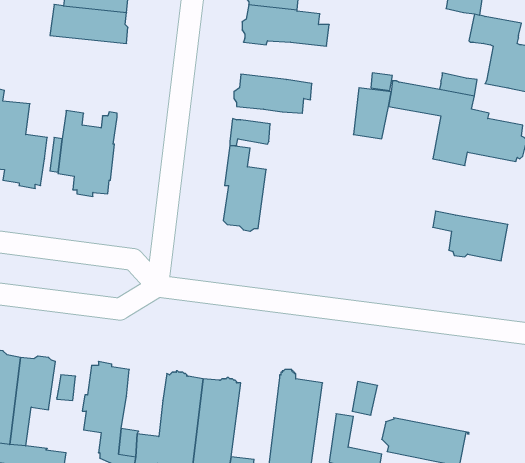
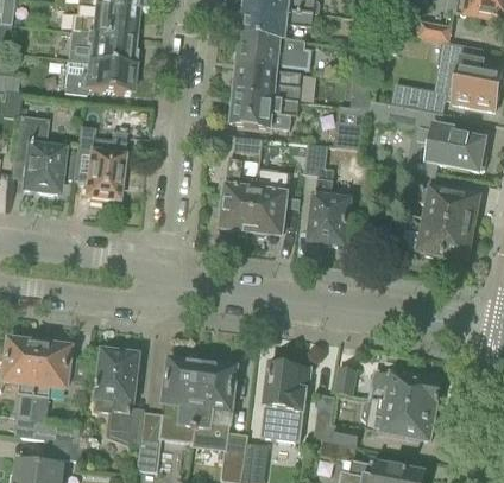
building: none -> [63,59,134,95]
building: none -> [233,64,302,102]
building: none -> [303,145,348,243]
building: none -> [251,169,300,235]
building: none -> [405,170,478,227]
building: none -> [371,370,443,411]

